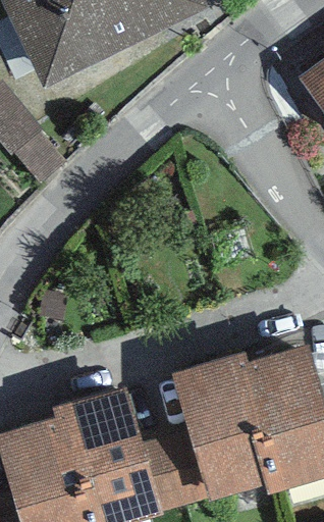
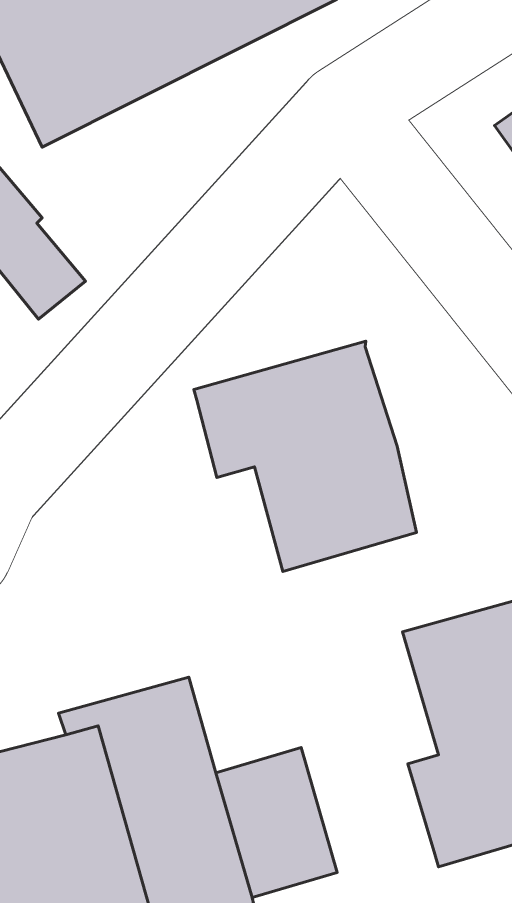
building: none -> [194,341,416,572]
building: [172,352,266,503] -> none

